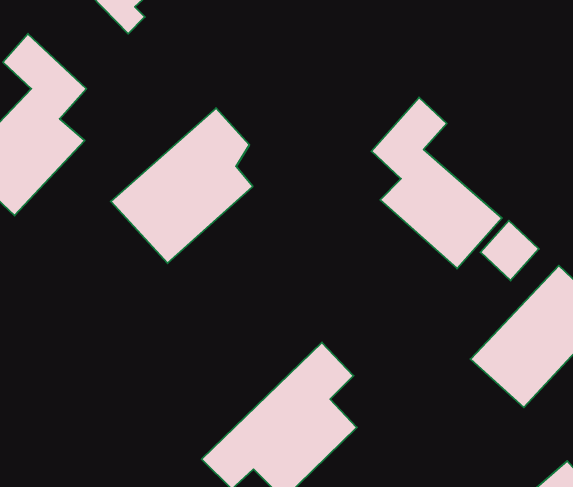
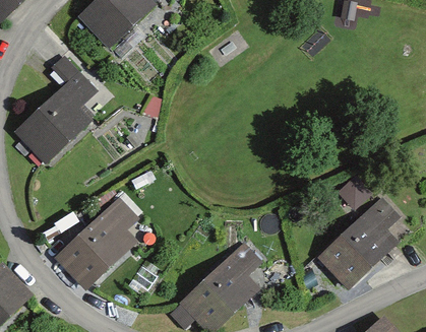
building: [371,97,502,269] -> none
building: [111,108,253,263] -> [54,198,140,292]

